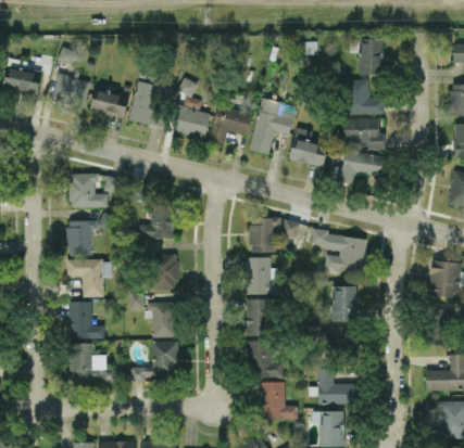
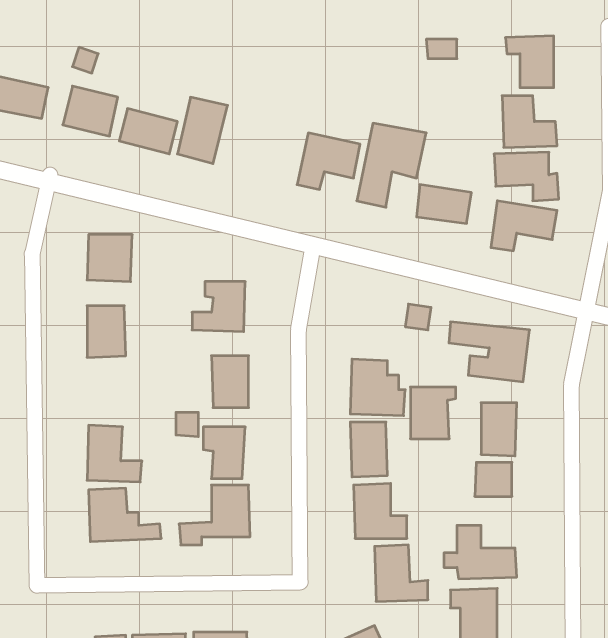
building: [176,78,209,137] -> none
building: [249,217,279,252] -> [410,387,456,439]
building: [65,258,112,296] -> none

